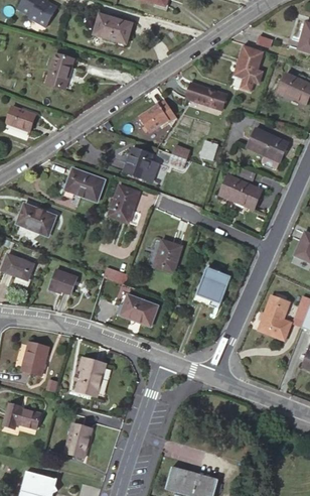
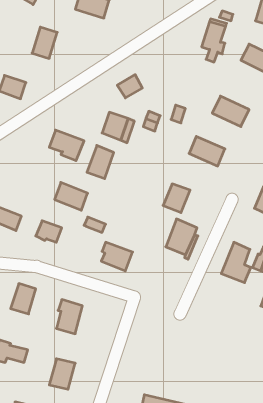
building: [188,84,228,110] -> none
building: [17,202,54,233] -> [55,182,88,210]
building: [153,240,183,272] -> [163,184,190,213]

